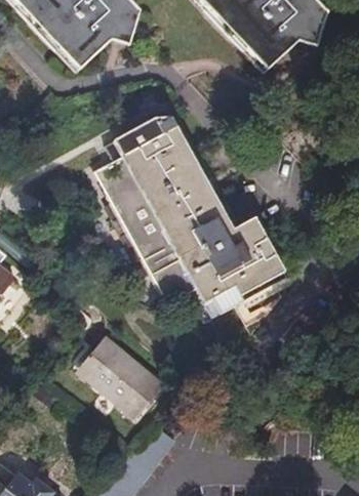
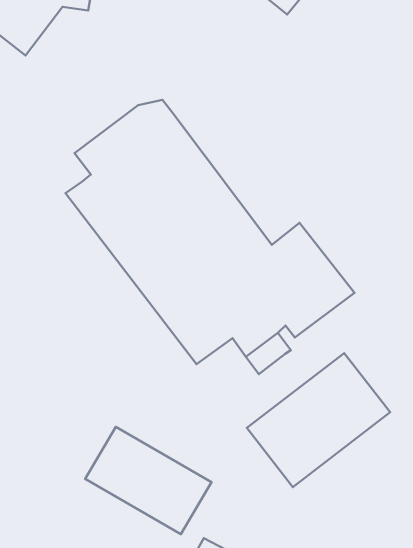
building: none -> [247,353,390,487]

